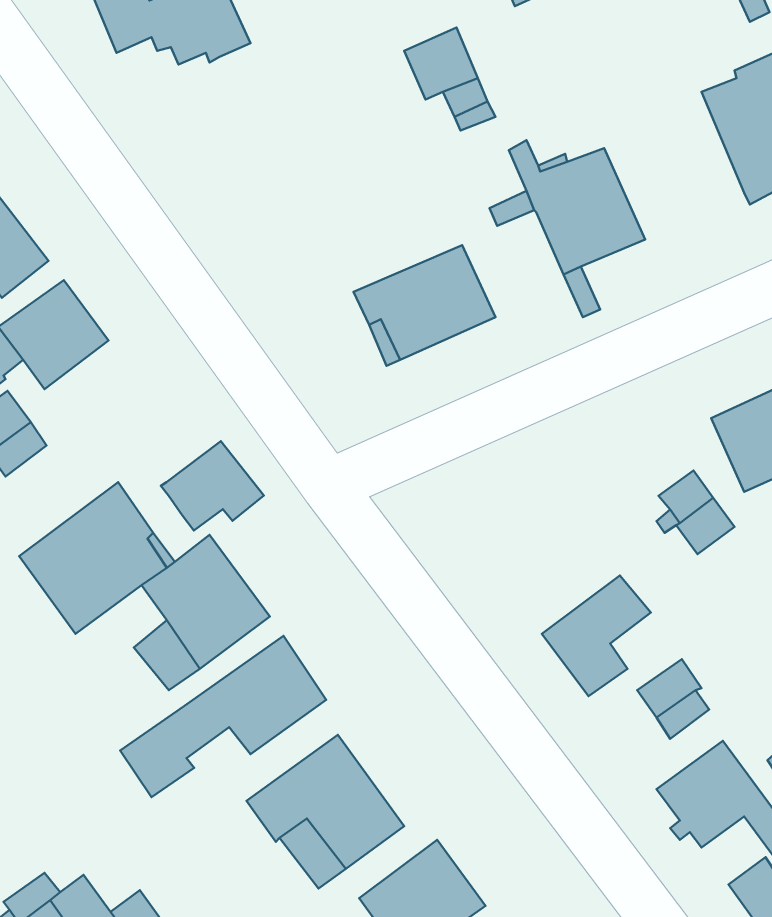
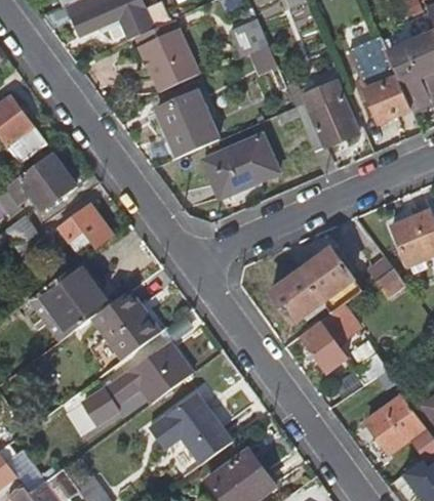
building: none -> [134,16,200,92]
building: none -> [349,37,411,121]
building: none -> [155,89,220,157]
building: [161,441,264,531] -> [57,203,112,250]
building: none -> [272,250,363,325]

